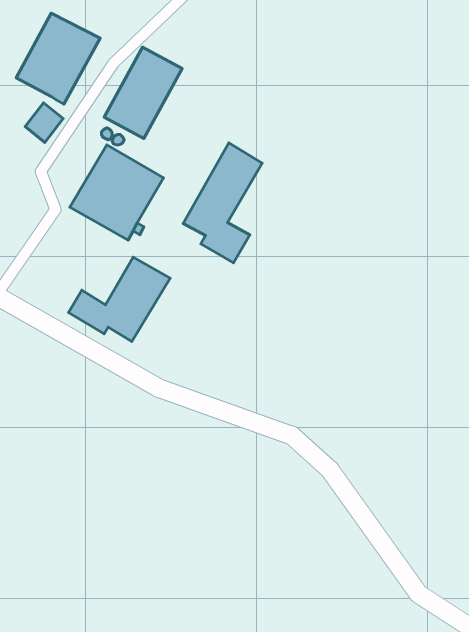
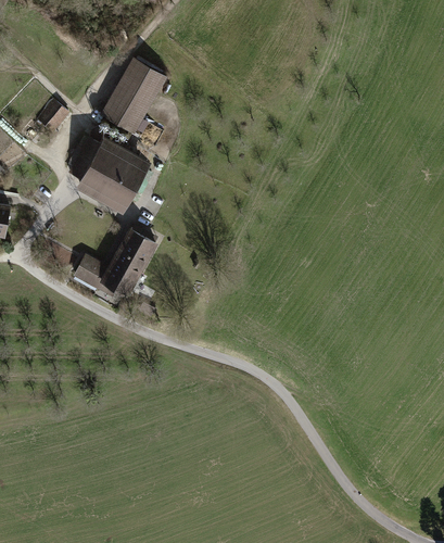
building: [16,13,100,104] -> none
building: [183,143,262,263] -> none

